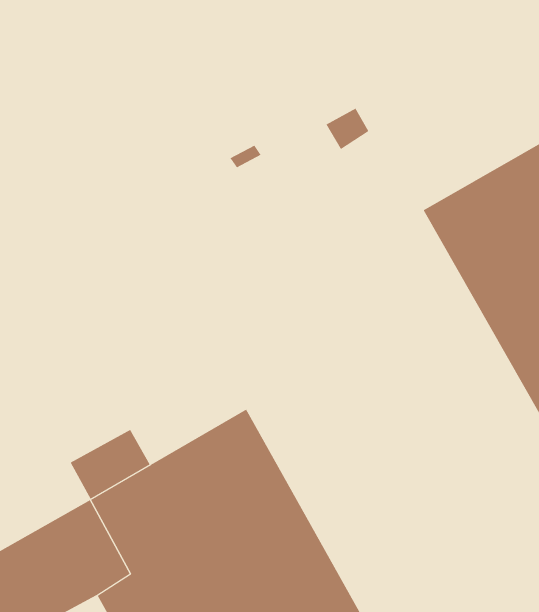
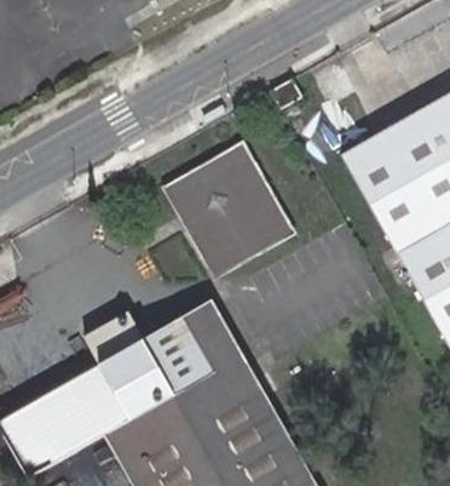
building: none -> [168,148,288,273]

